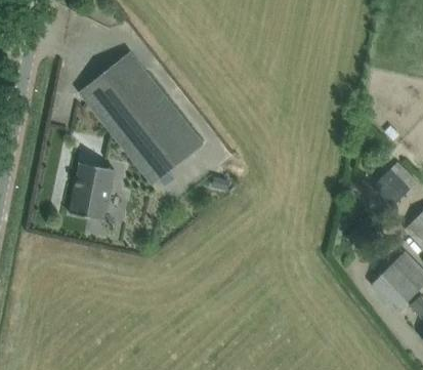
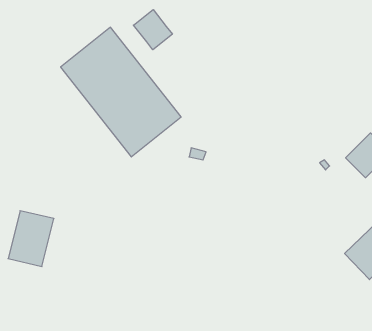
building: none -> [133,10,172,50]
building: [70,162,117,219] -> [8,211,54,267]

